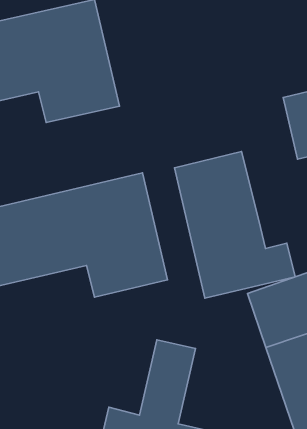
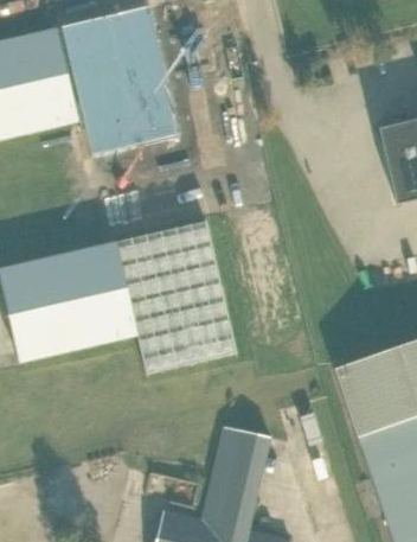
building: [174,152,295,298] -> none

